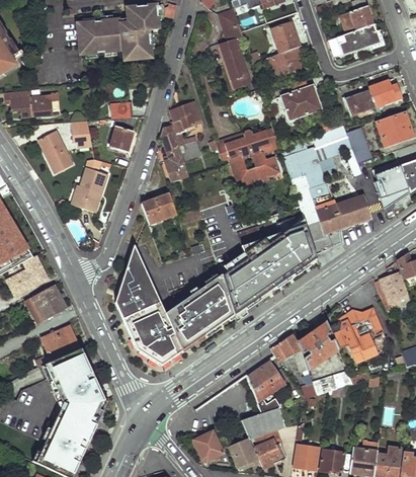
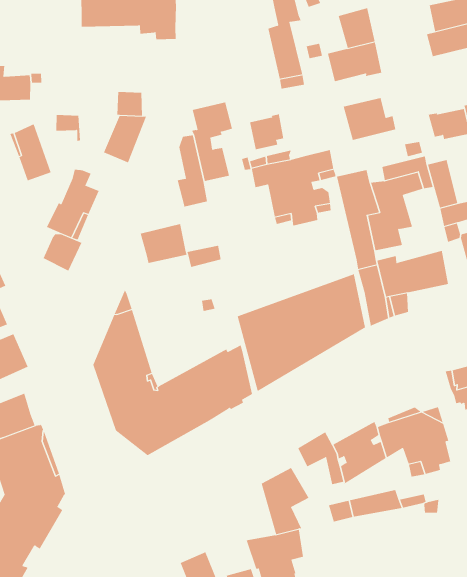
building: none -> [249,113,284,150]
building: none -> [43,234,82,272]

